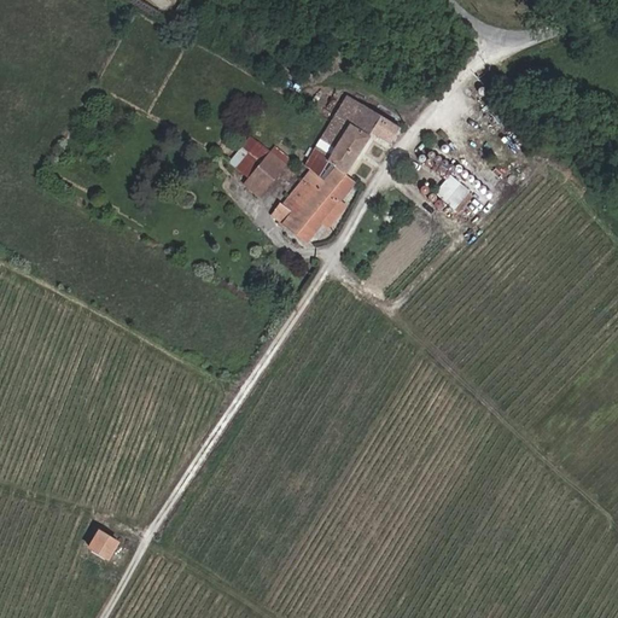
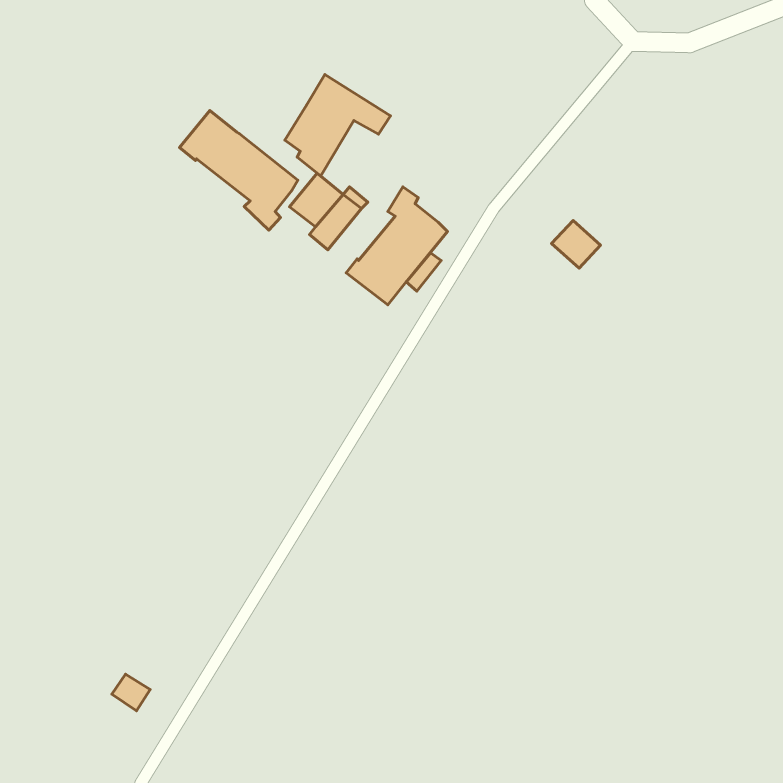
building: none -> [179,110,298,230]
building: [317,95,401,175] -> [285,74,391,176]

